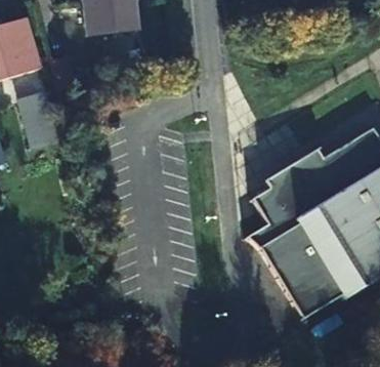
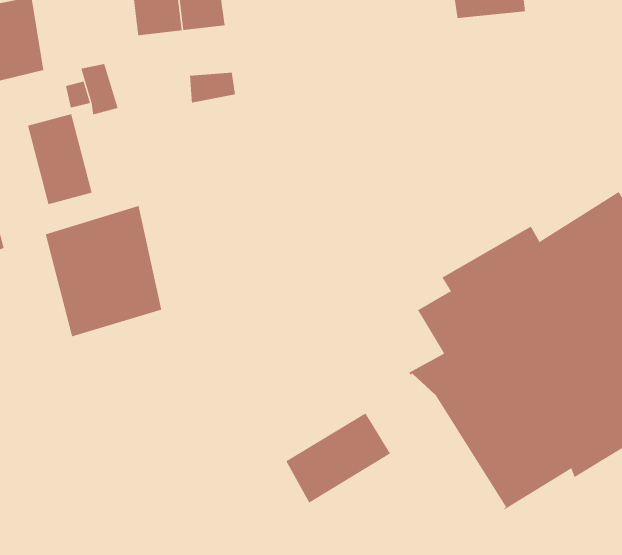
building: none -> [45,205,162,337]
building: none -> [286,413,391,504]

